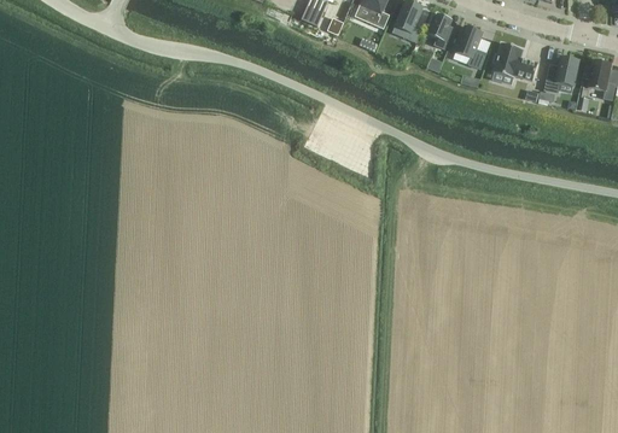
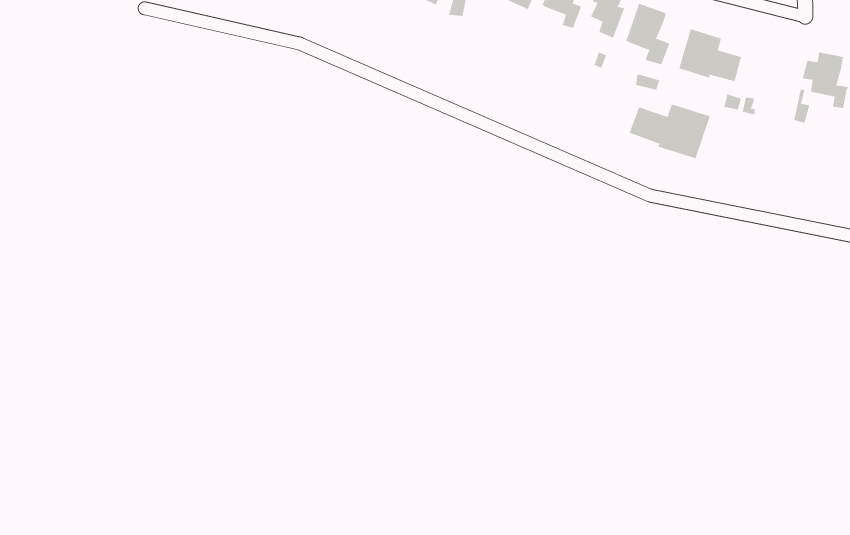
building: [543,55,578,93] -> none
building: none -> [629,103,711,159]

